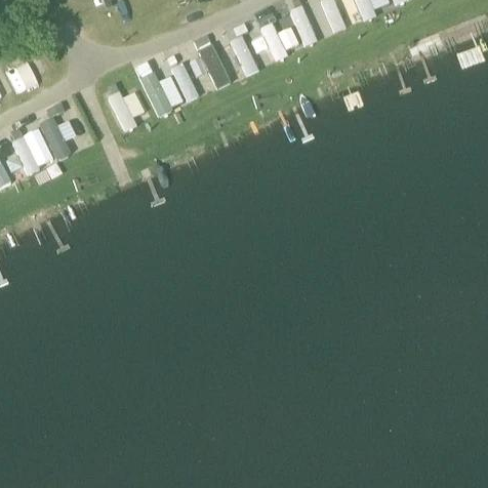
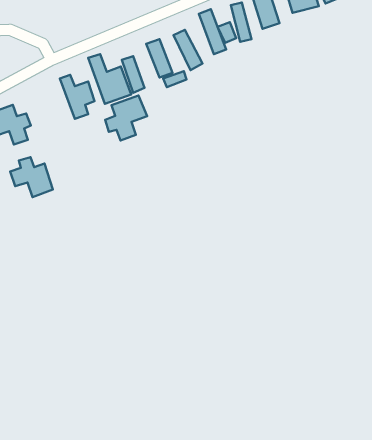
building: none -> [105,95,147,140]
building: none -> [10,157,53,197]

